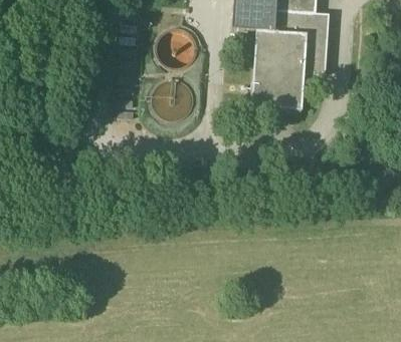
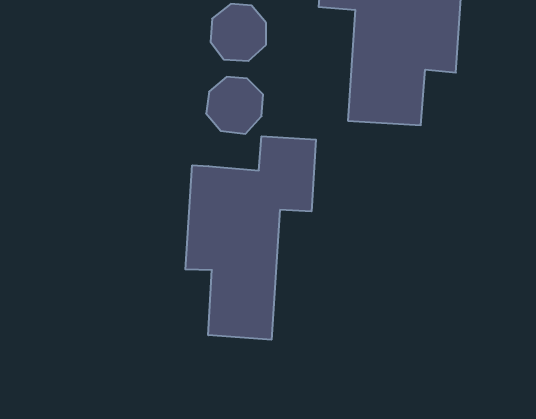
building: none -> [185,136,316,340]

